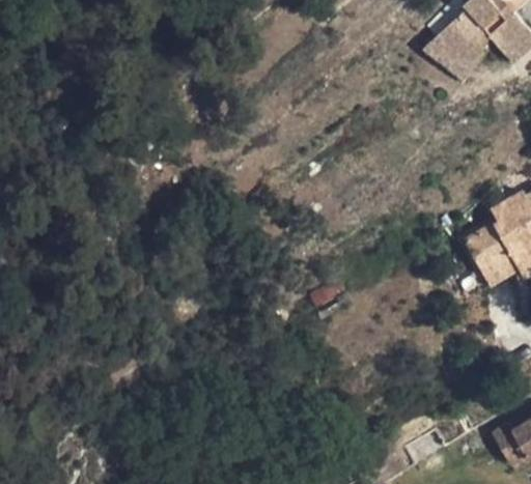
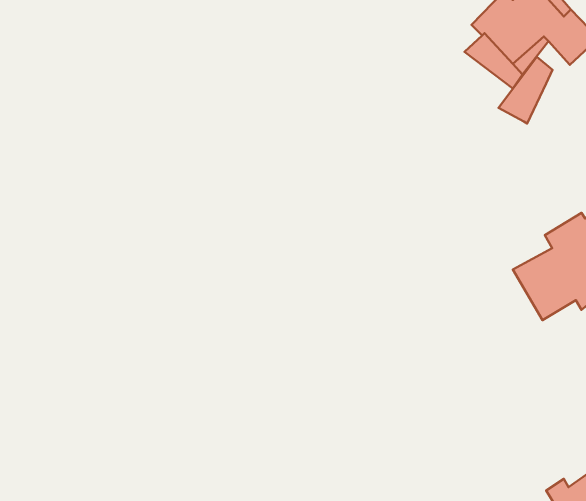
building: none -> [498,57,552,123]

